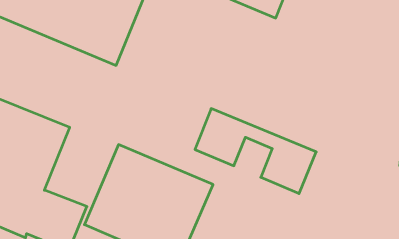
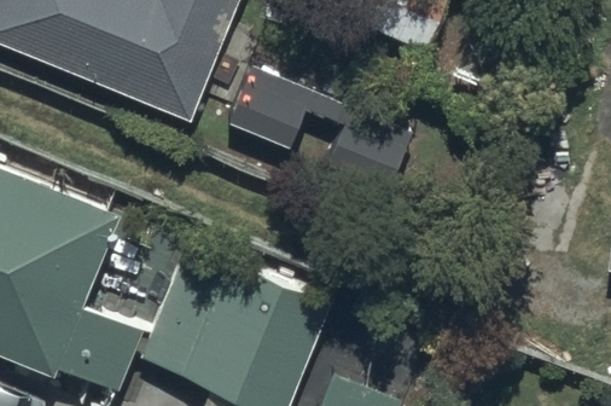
building: [195,109,316,194] -> [231,65,411,191]

